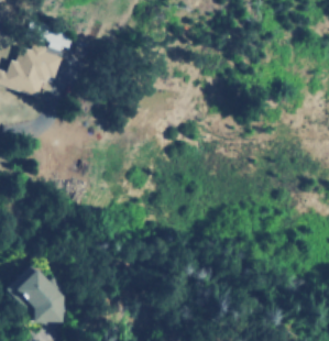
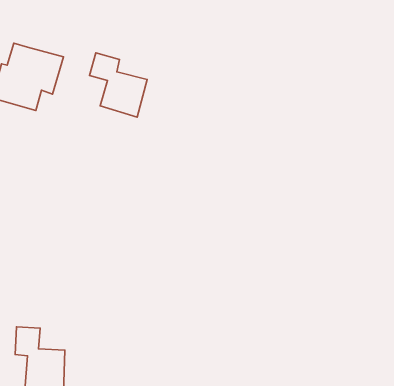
building: none -> [89,53,147,117]

